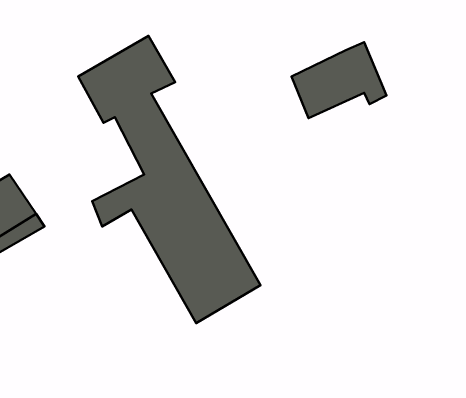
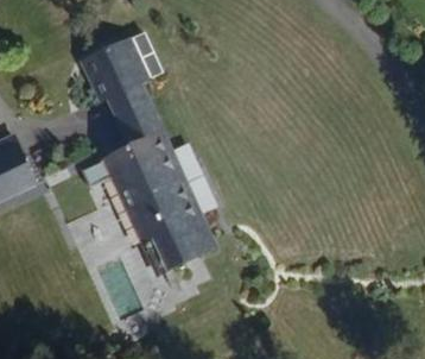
building: [291,42,387,118] -> none

